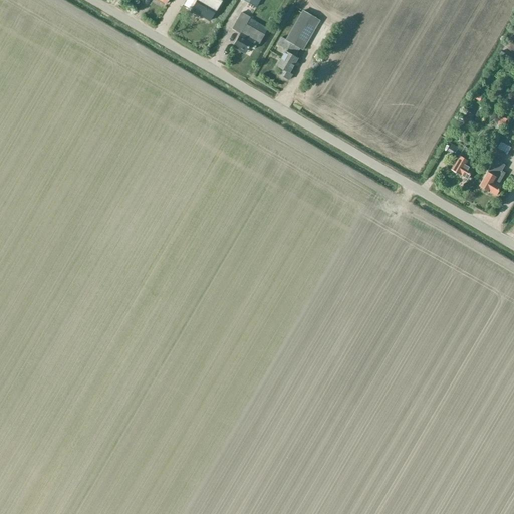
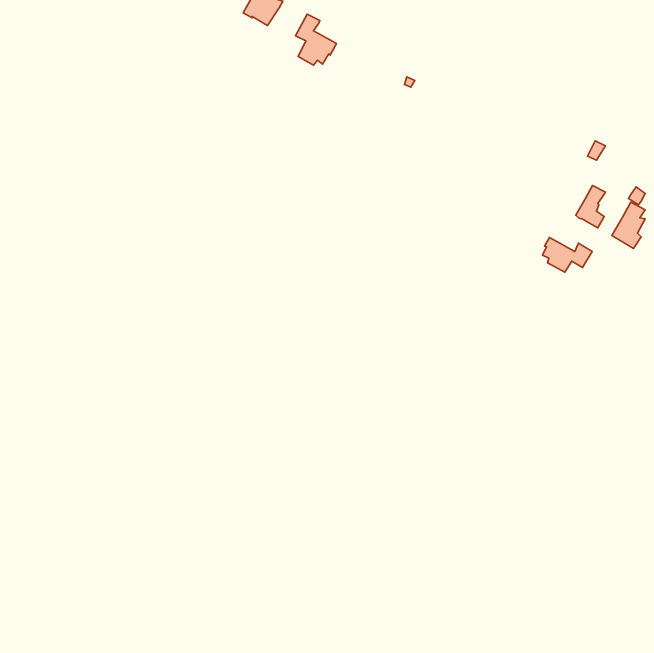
building: [276,10,320,80] -> none
building: none -> [543,238,592,272]

